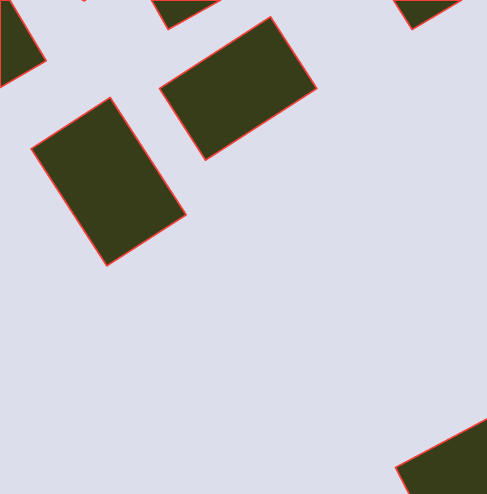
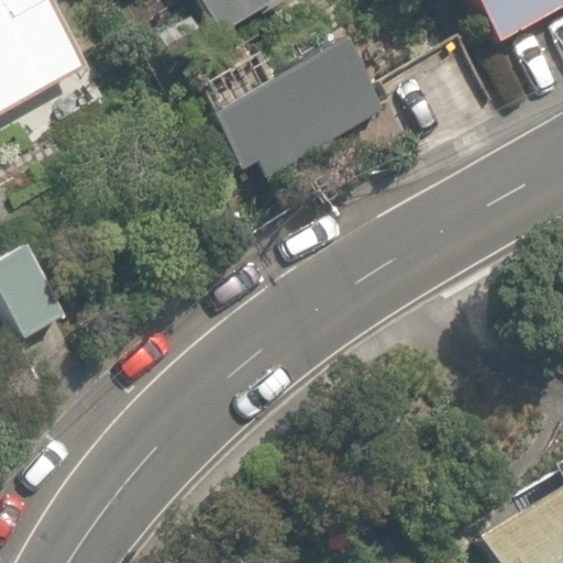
building: [31,98,186,266] -> none

